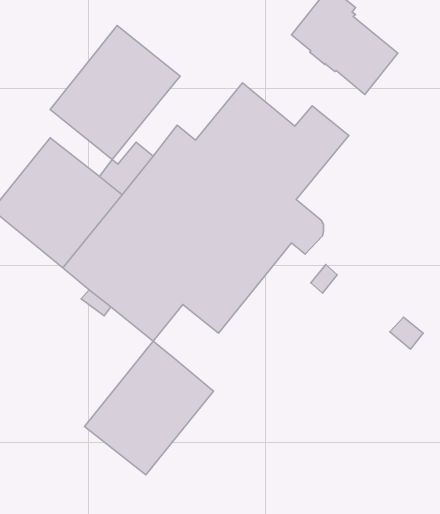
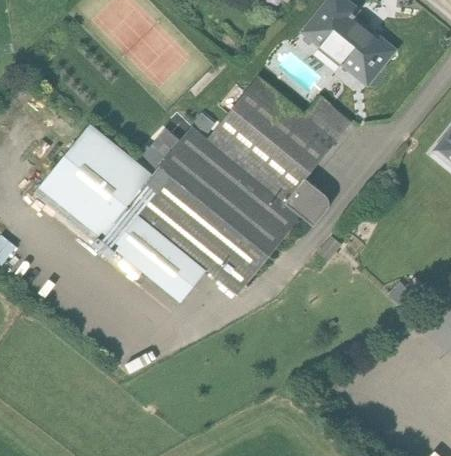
building: [50,25,180,159] -> none
building: [84,341,213,475] -> none

